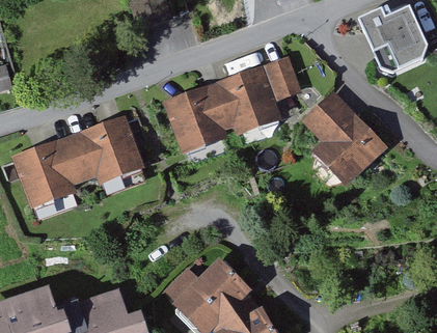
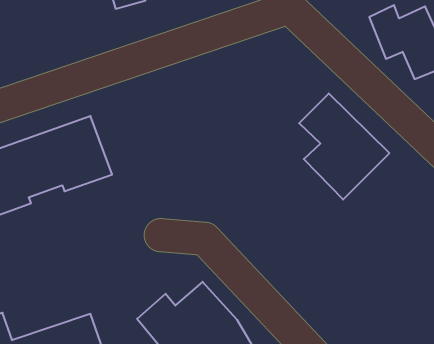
building: [163,59,300,154] -> none

